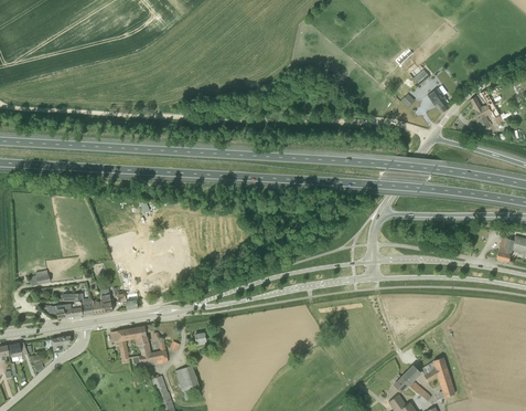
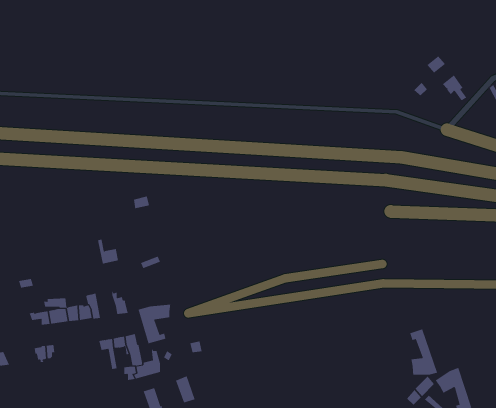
building: none -> [138,304,171,344]
building: none -> [410,329,438,376]

